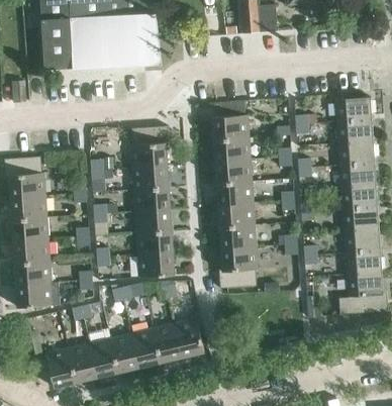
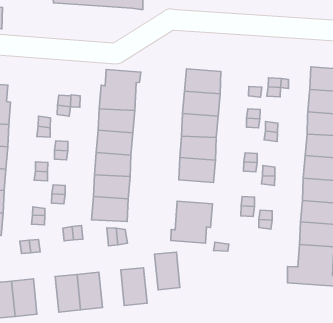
building: [219,225,256,248] -> none
building: [153,323,182,363] -> [155,252,180,290]
building: [89,338,118,378] -> none

